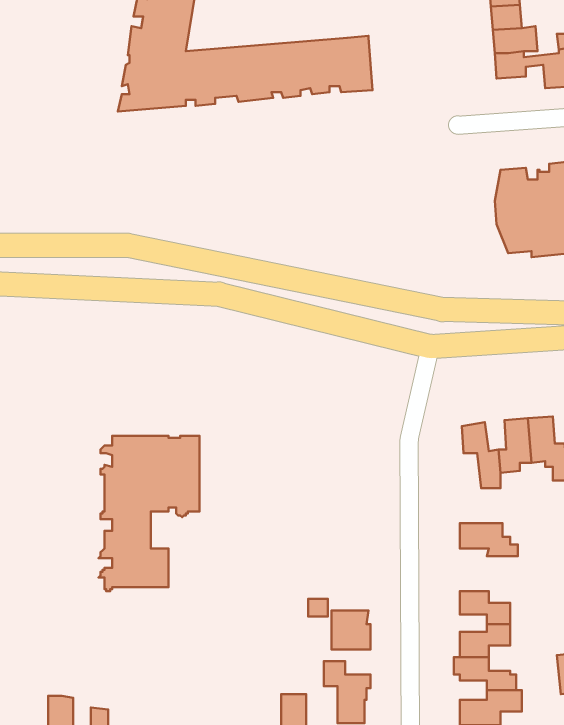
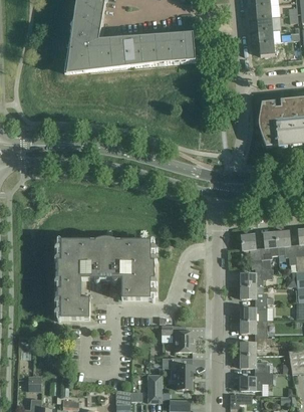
building: none -> [105,239,157,299]
building: none -> [240,266,272,284]
building: none -> [240,301,266,320]

